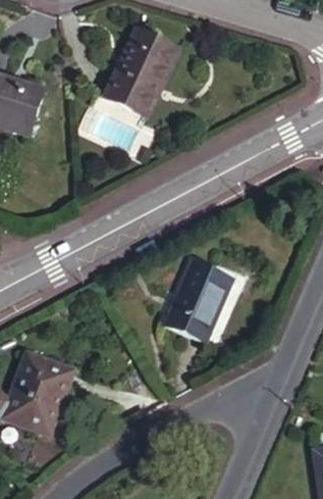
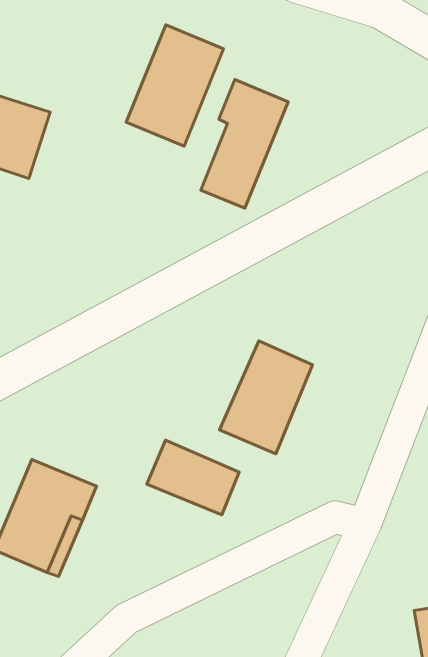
building: none -> [201,79,288,208]
building: none -> [147,440,239,515]

